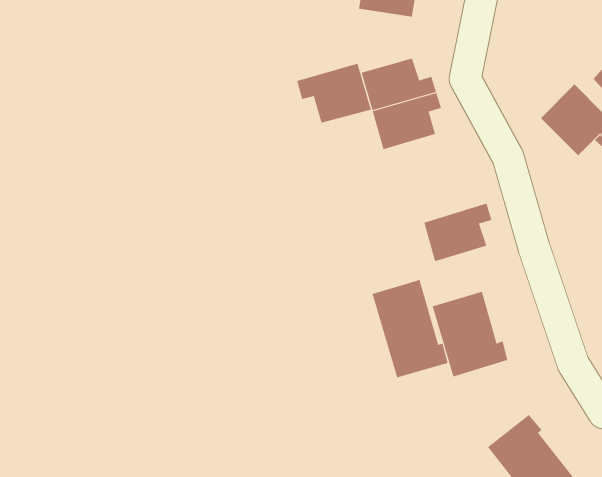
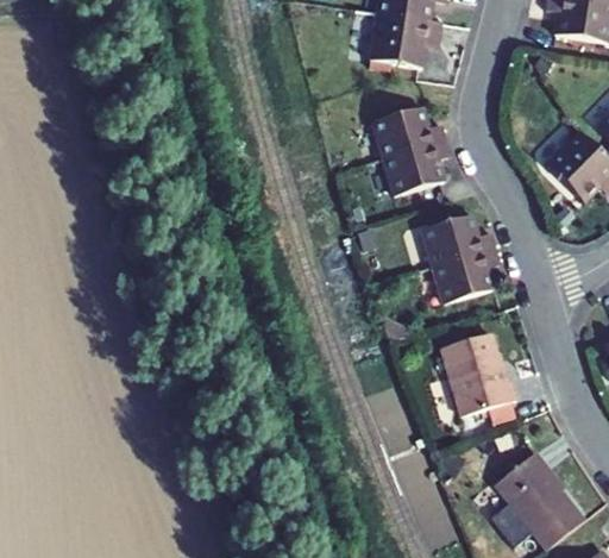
building: [297,63,372,123] -> none
building: none -> [422,214,495,265]
building: [372,279,448,378] -> none

